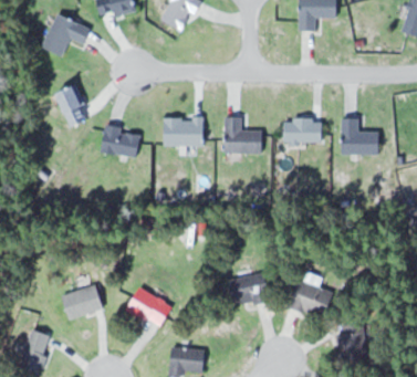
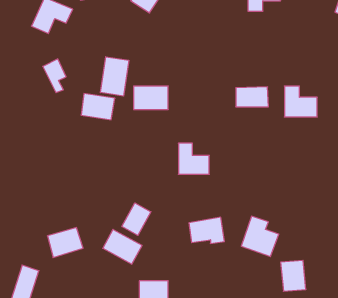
building: none -> [100,57,129,96]
building: [225,117,261,154] -> [178,143,209,174]
building: none -> [122,203,151,235]

